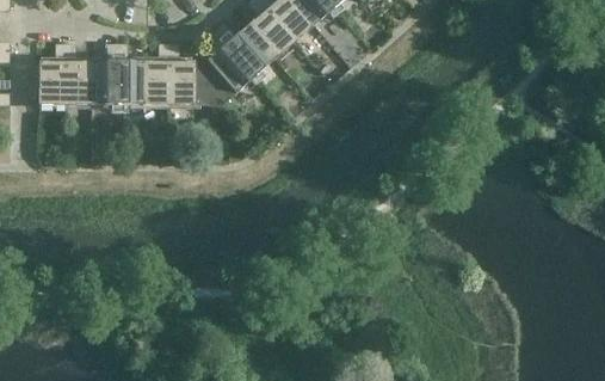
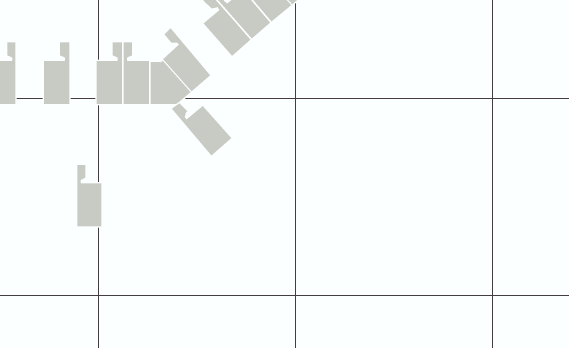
building: [215,24,274,76] -> [171,103,232,157]
building: [64,44,91,105] -> none
building: [117,44,142,105] -> [77,164,102,227]

